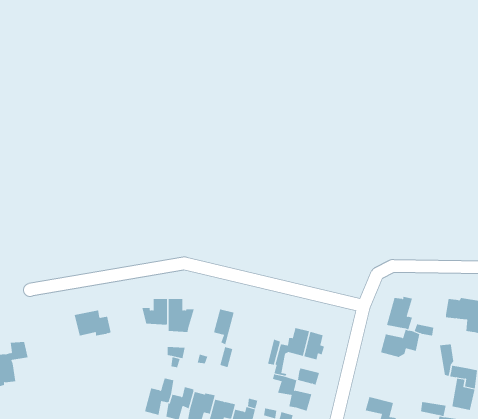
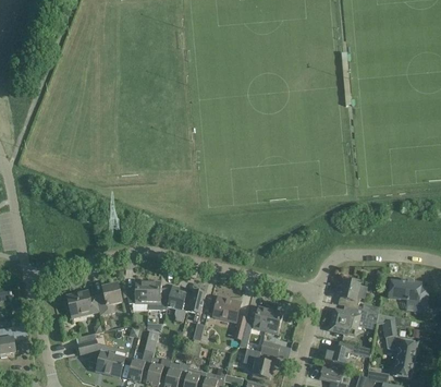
building: none -> [95,282,121,315]
building: none -> [166,283,185,322]
building: none -> [212,295,240,321]
building: none -> [77,339,124,376]
building: none -> [323,342,370,364]

